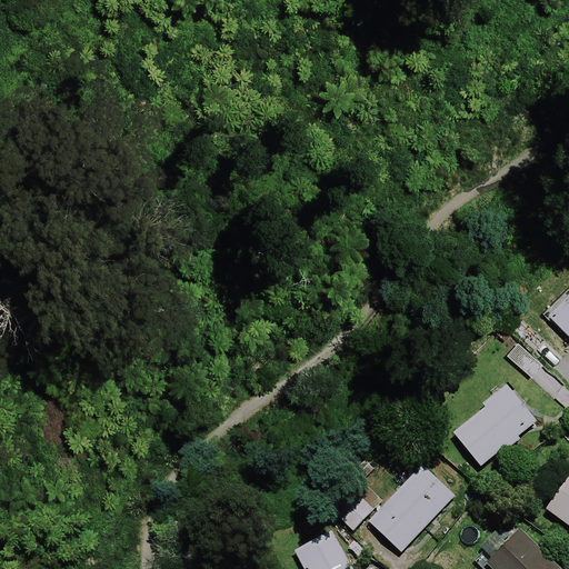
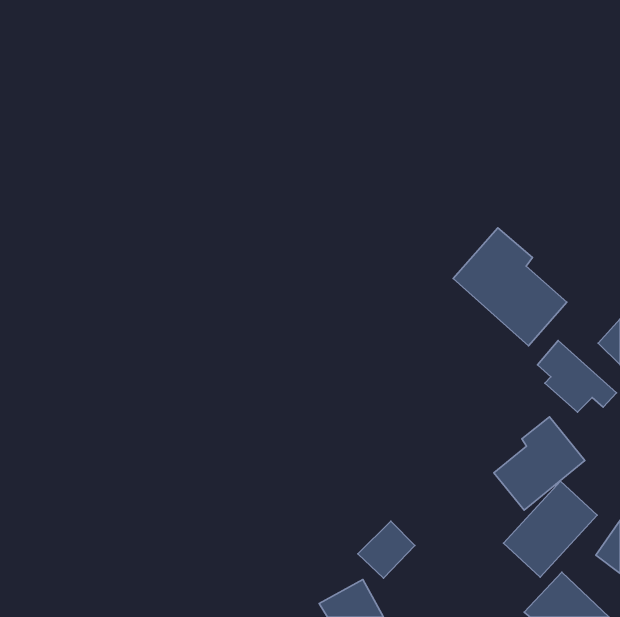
building: none -> [453,228,567,346]
building: [368,466,453,553] -> [504,481,597,577]

